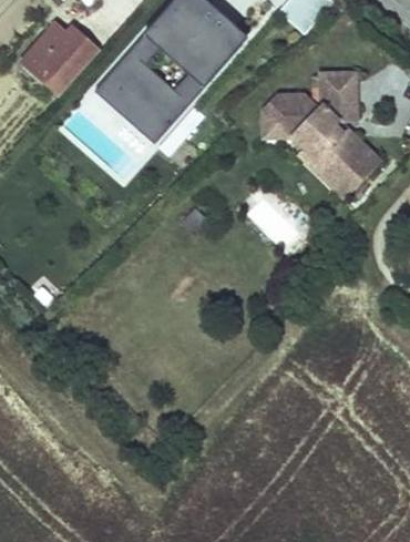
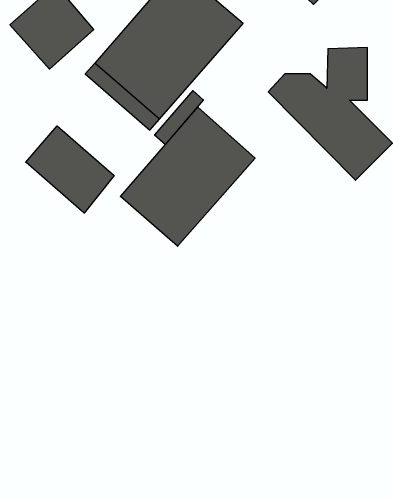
building: none -> [120,107,255,246]
building: none -> [26,126,114,213]

